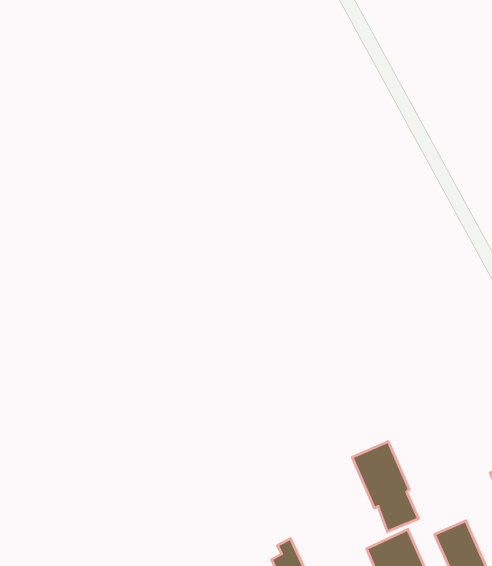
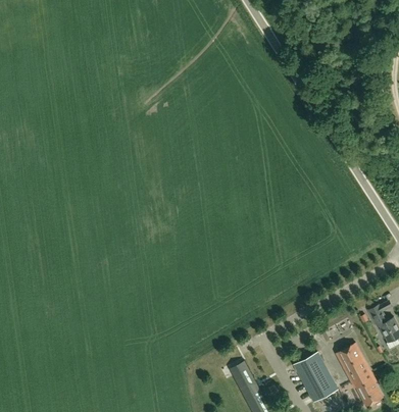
building: [352,441,418,532] -> none

